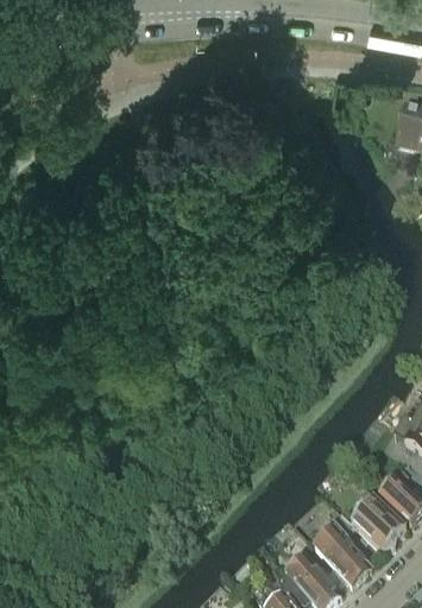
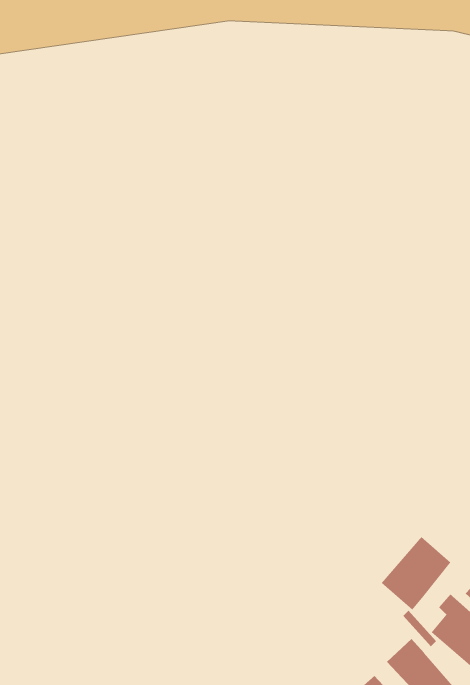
building: none -> [381,536,451,611]

